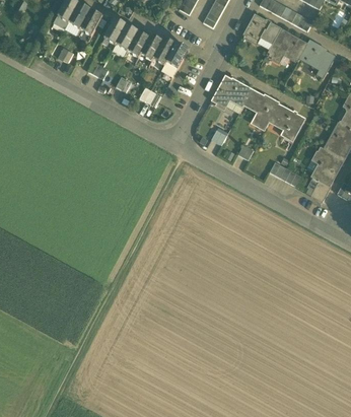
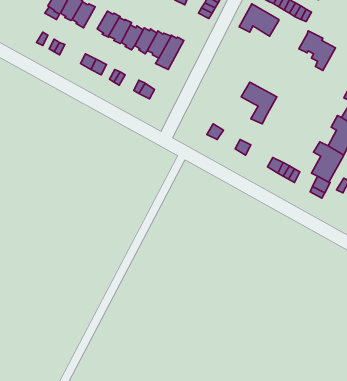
building: [267,29,308,61] -> none
building: [211,75,253,108] -> none
building: [270,103,305,142] -> none

